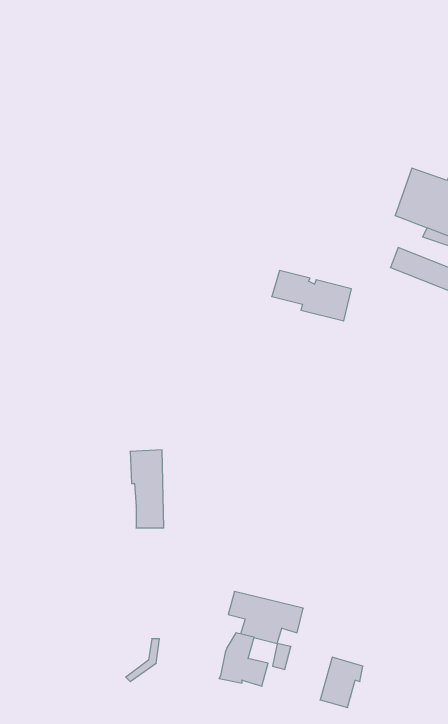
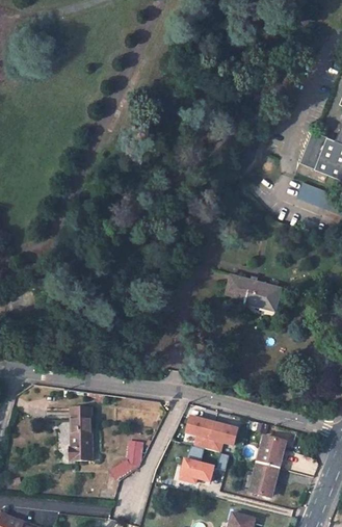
building: [272,271,351,321] -> [226,273,280,308]
building: [130,450,164,528] -> [71,407,94,460]
building: none -> [258,437,283,468]

